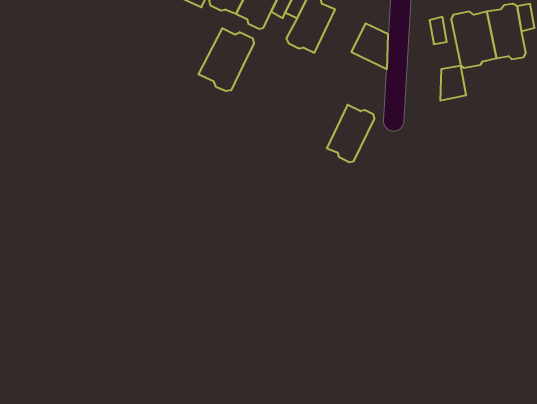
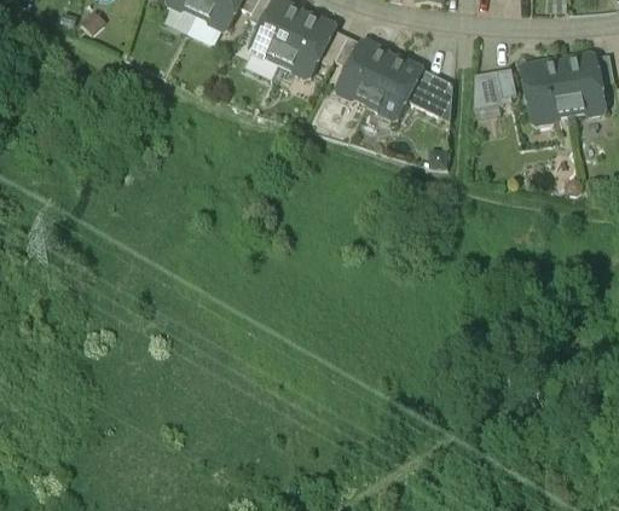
building: [198,28,254,91] -> none
building: [440,66,466,100] -> [473,69,502,108]
building: [327,105,375,162] -> [368,57,421,121]

